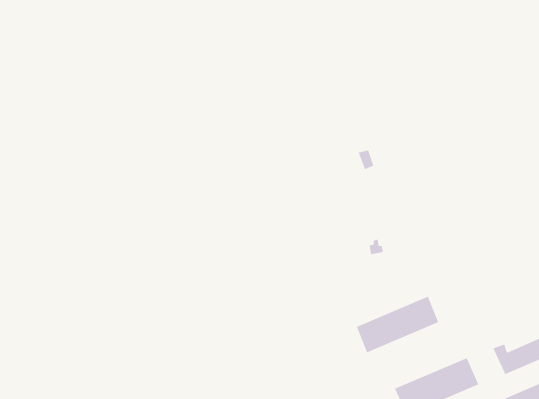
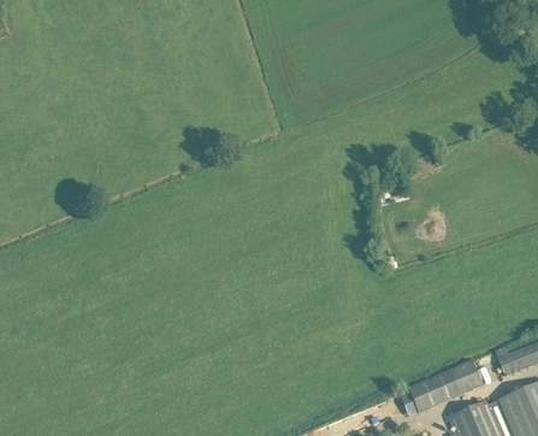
building: [356,296,439,353] -> none

